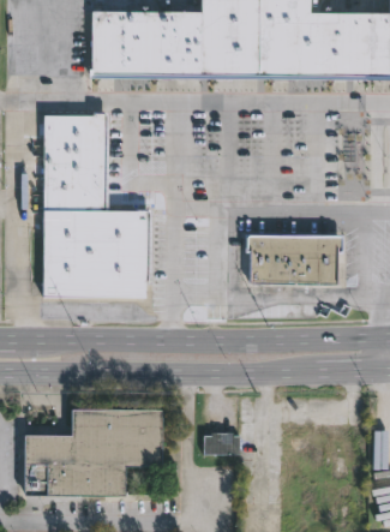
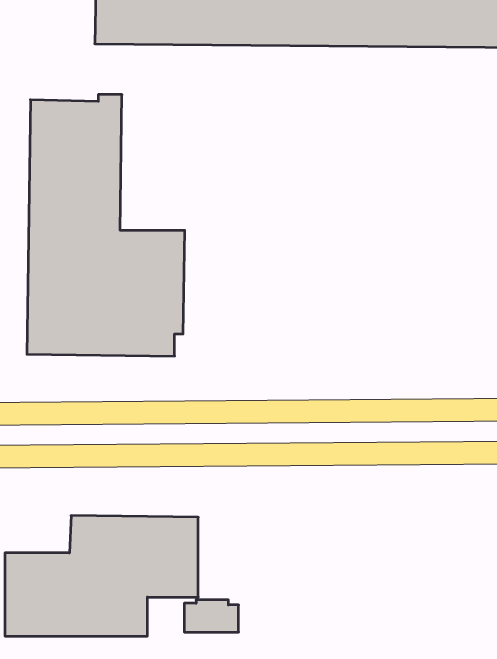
building: [251,233,346,282] -> none
building: [204,431,242,454] -> [184,600,239,632]

